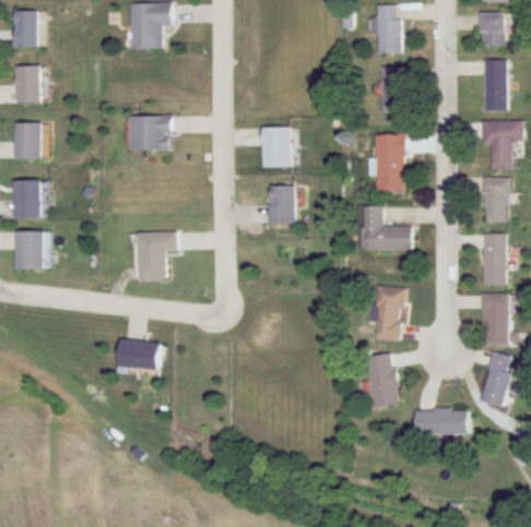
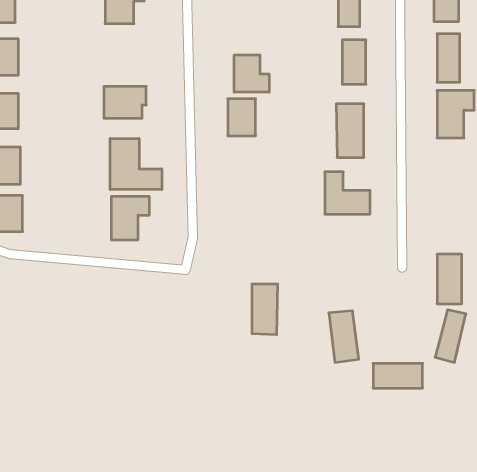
building: none -> [234,55,269,92]
building: none -> [110,138,162,190]
building: [482,177,508,223] -> none
building: [268,185,293,224] -> none
building: [484,233,506,285] -> none
building: [376,287,403,340] -> [252,284,278,335]
building: [115,339,161,370] -> none

